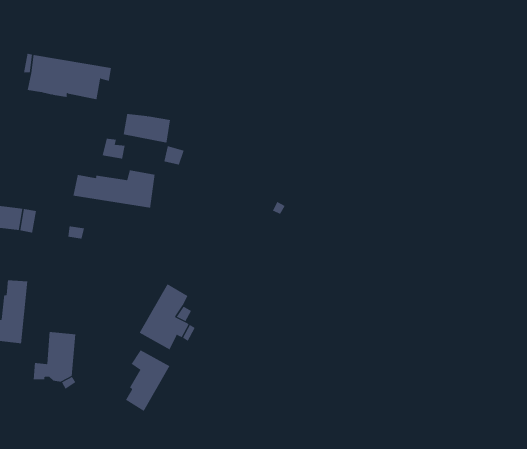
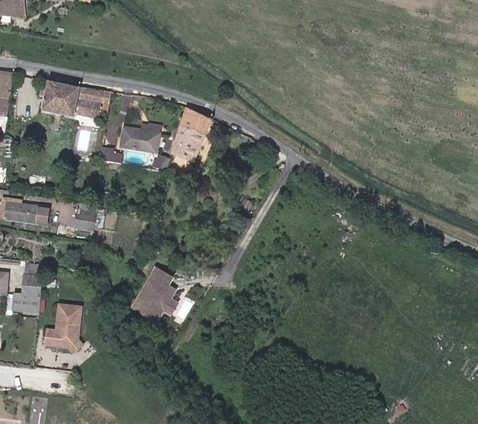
building: none -> [171,108,210,159]
building: [73,169,155,209] -> none
building: [125,349,170,412] -> none

